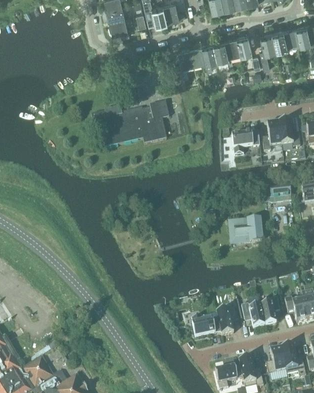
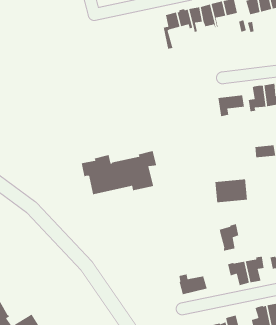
building: [91,102,169,148] -> [81,150,157,195]
building: [216,307,237,336] -> [219,223,239,252]

